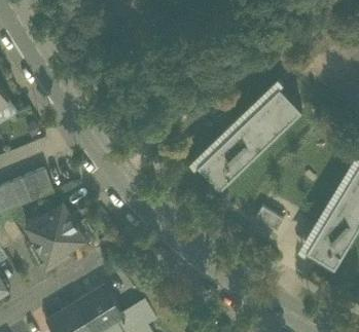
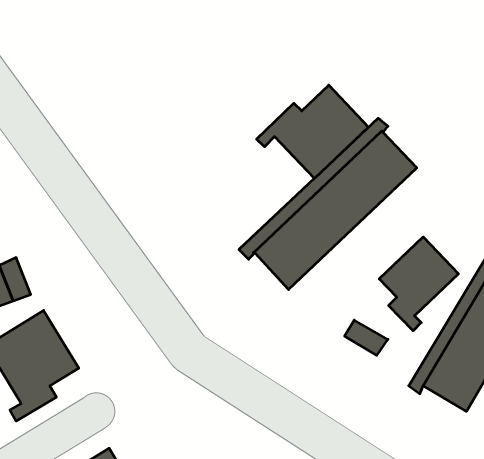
building: none -> [257,85,369,178]
building: none -> [379,237,458,331]

